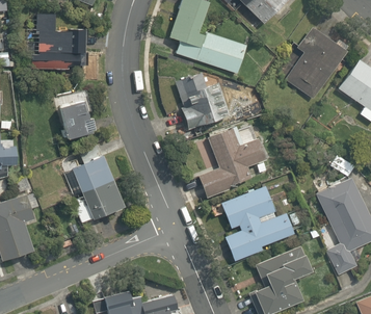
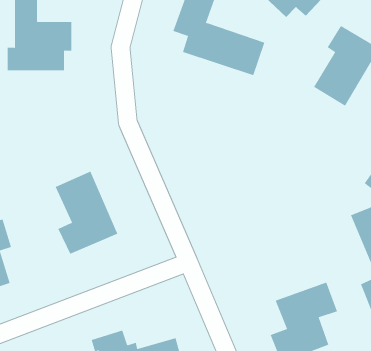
building: [175,69,228,129] -> none
building: [57,99,89,136] -> none
building: [200,127,265,199] -> none
building: [221,184,295,260] -> none

